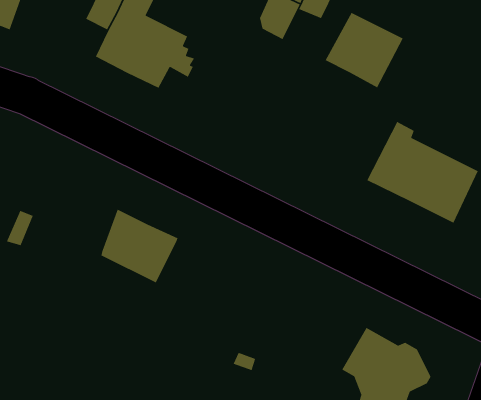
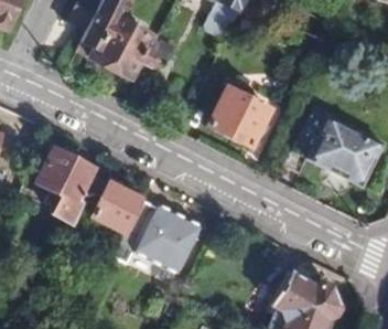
building: [325,12,404,88] -> [207,86,270,147]
building: none -> [41,149,95,220]
building: none -> [117,200,205,272]

